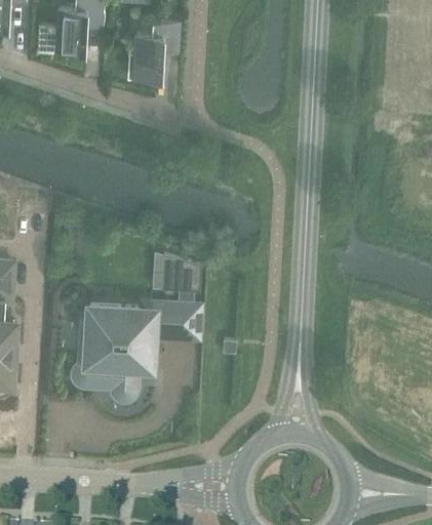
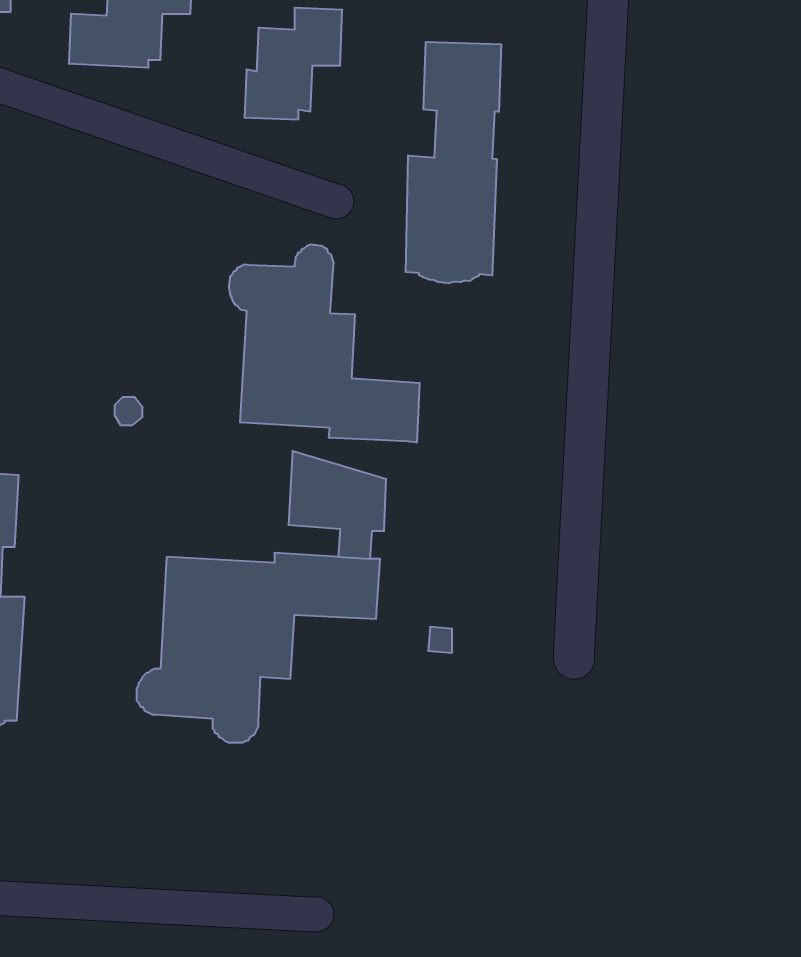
building: none -> [406,42,501,283]
building: none -> [229,244,420,443]

